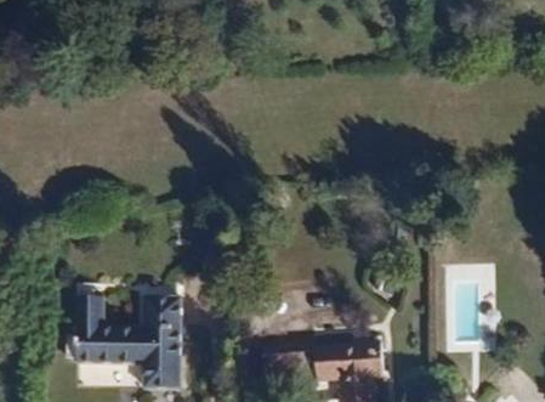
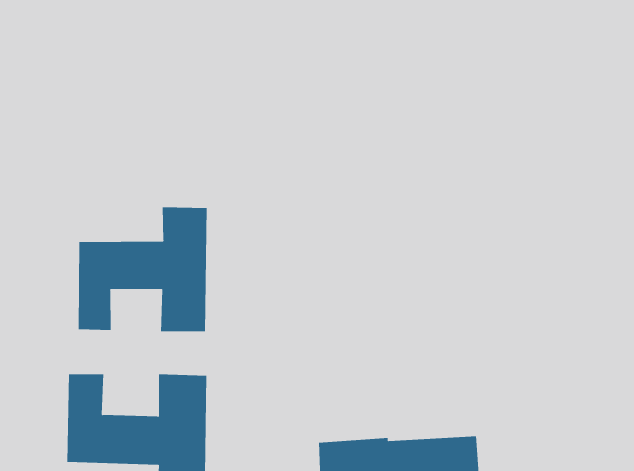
building: none -> [78,206,207,332]

